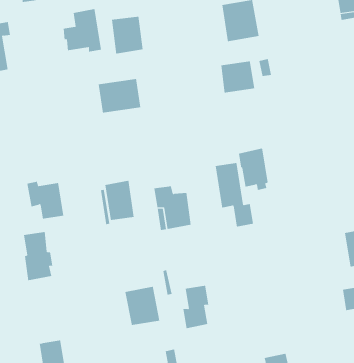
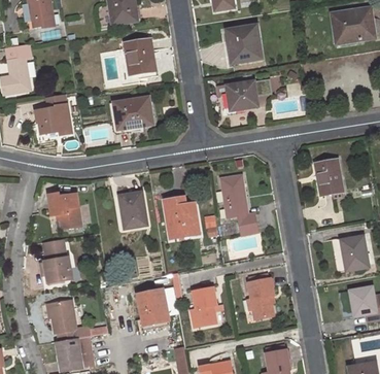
building: [63,9,102,52] -> [36,94,72,134]
building: [238,148,268,190] -> [314,159,342,198]
building: none -> [247,278,274,319]
building: none -> [51,299,90,341]

